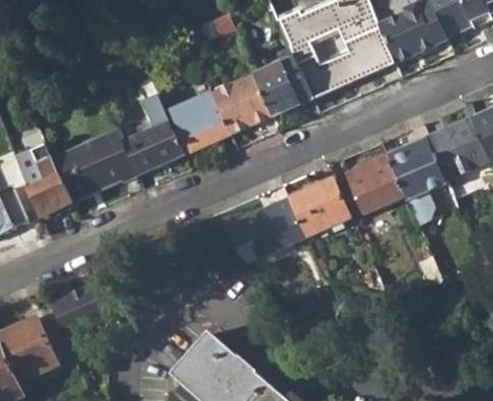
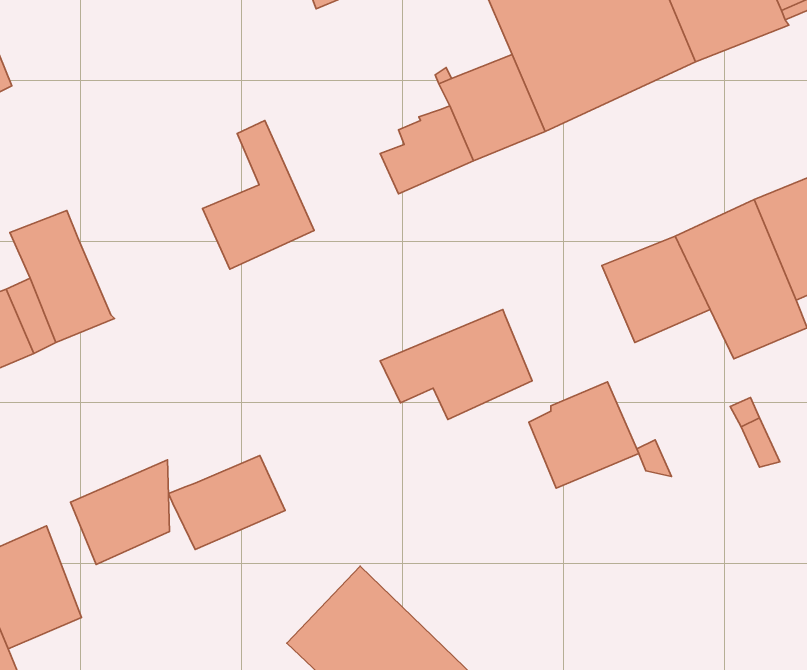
building: [173,89,233,150] -> none
building: [56,129,140,198] -> none
building: [292,176,353,235] -> [529,382,639,488]
building: none -> [168,455,285,549]

